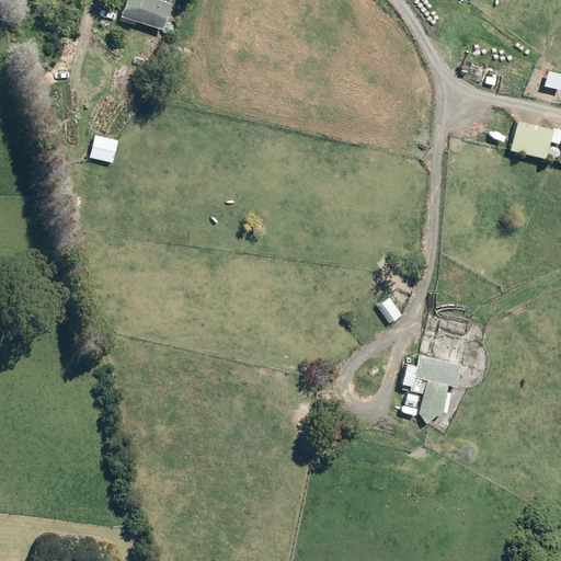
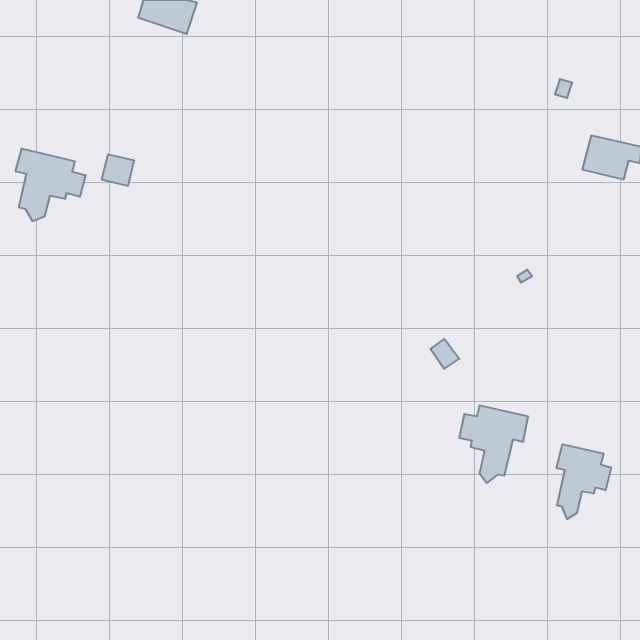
building: none -> [16,149,86,221]
building: none -> [556,444,611,519]

